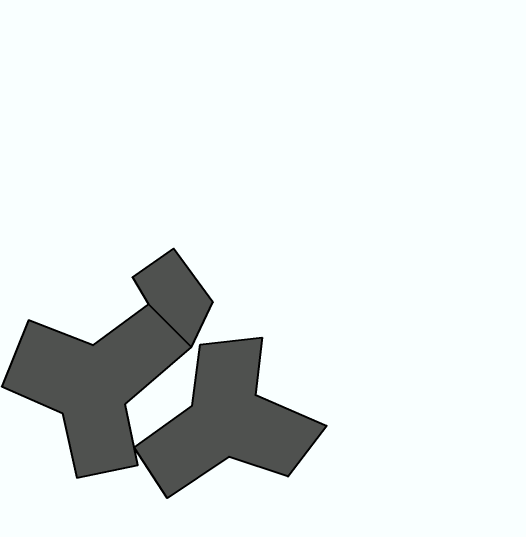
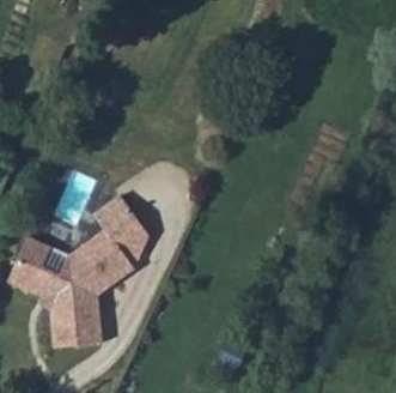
building: [134,338,327,498] -> none

